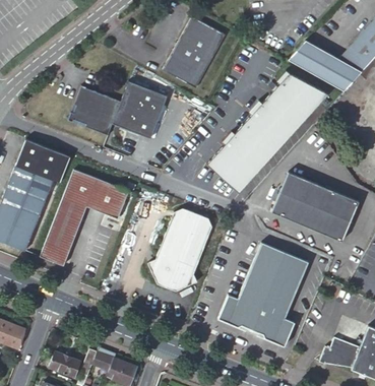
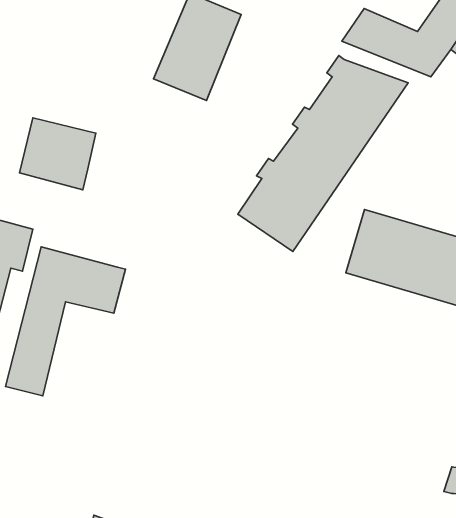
building: [113,80,168,137] -> none
building: [148,207,212,292] -> none
building: [217,241,306,343] -> none

